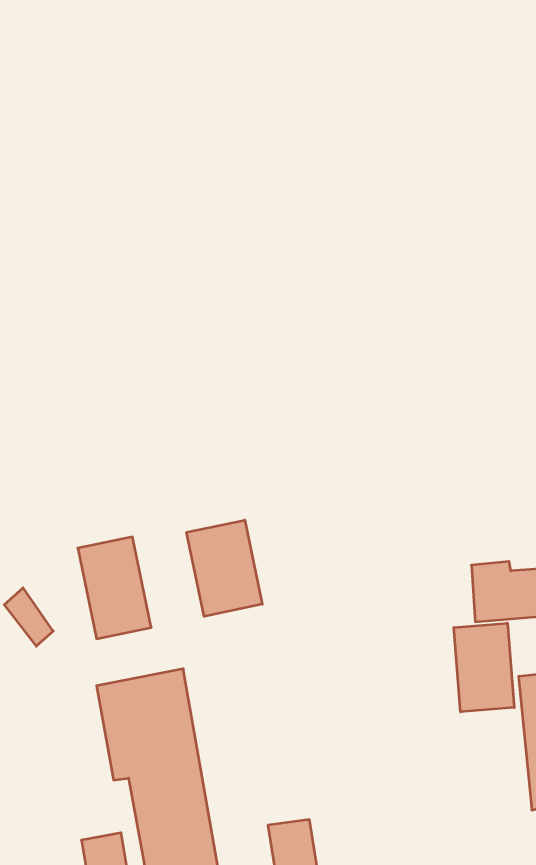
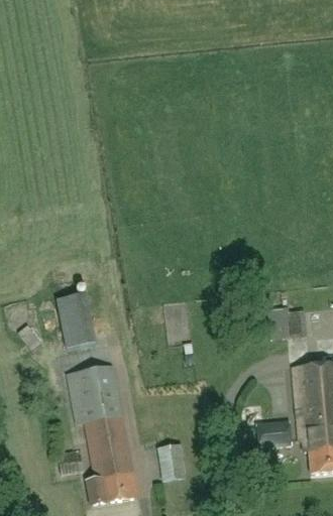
building: [187,520,262,616] -> none
building: [454,623,514,712] -> none
building: none -> [257,418,293,446]

